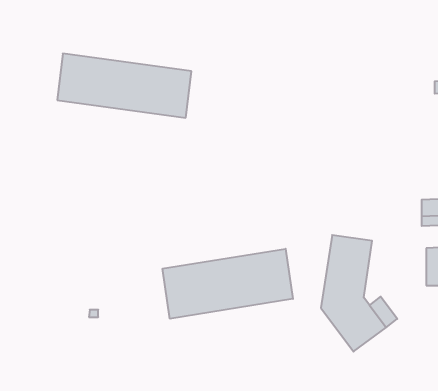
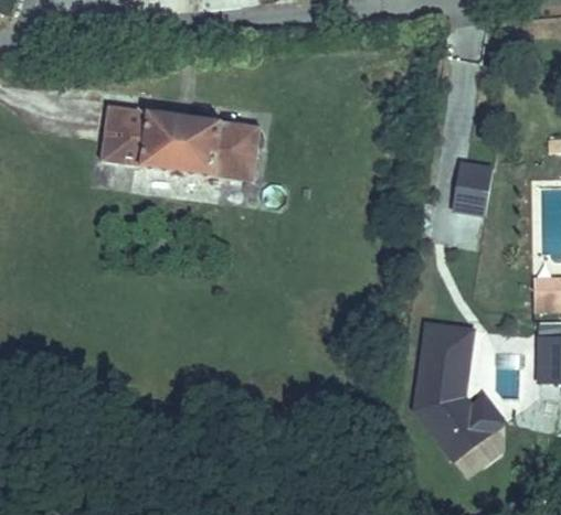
building: none -> [455,163,491,214]
building: [163,249,293,319] -> none

